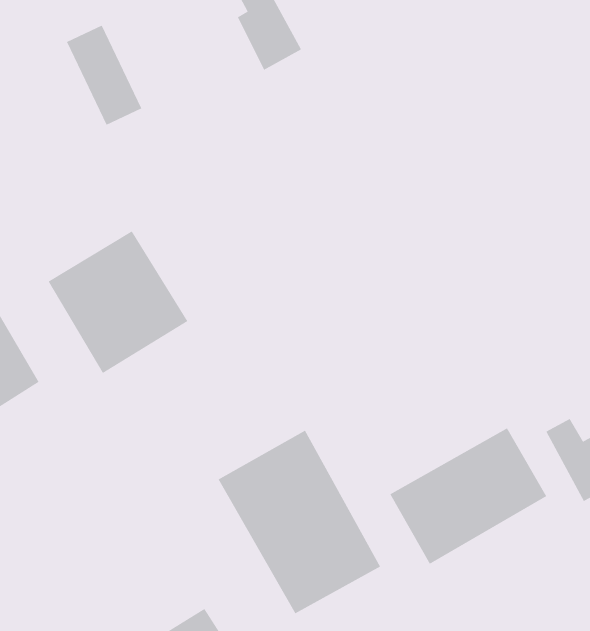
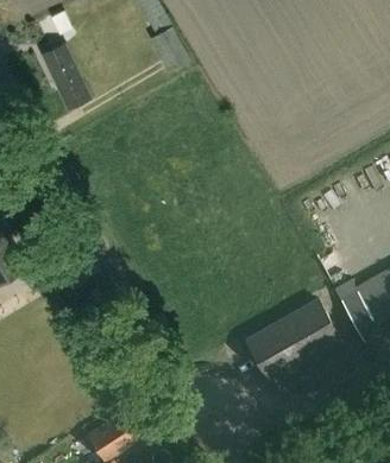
building: [48,230,188,374] -> none
building: [218,430,381,614] -> none

